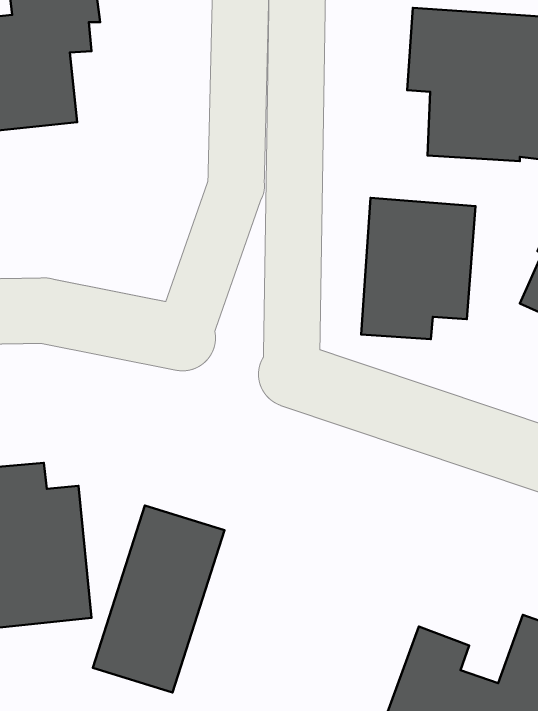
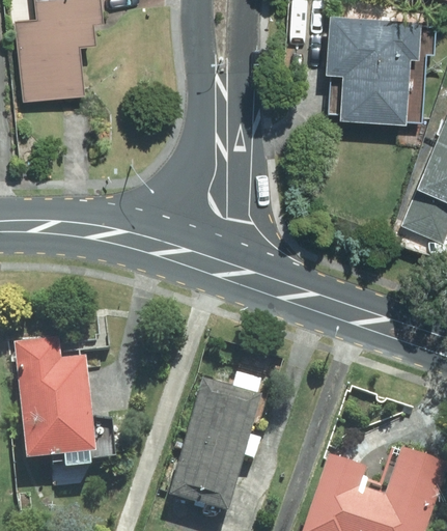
building: [361,198,476,339] -> none
building: [93,505,225,692] -> [167,379,261,512]

